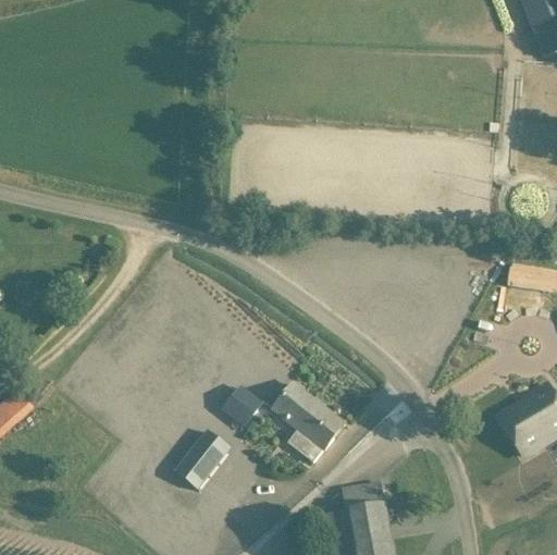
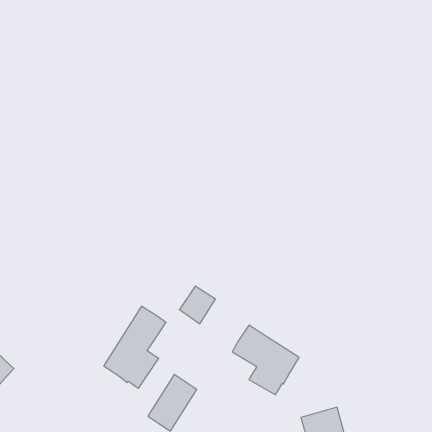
building: none -> [104,306,166,388]
building: [222,387,262,429] -> [179,286,216,324]

